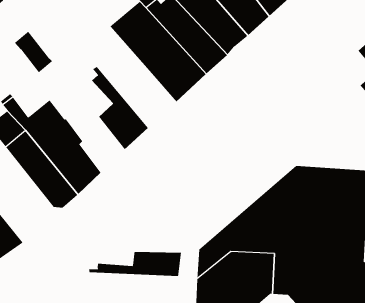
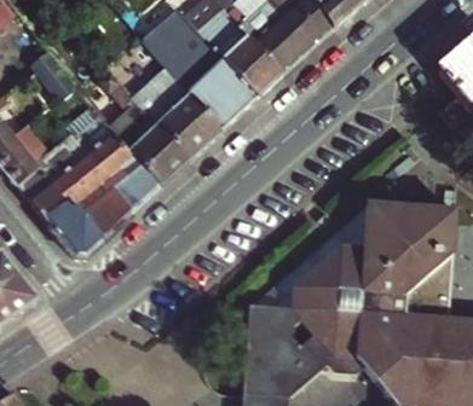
building: none -> [106,58,221,160]
building: none -> [65,99,160,213]
building: [88,251,181,277] -> none

